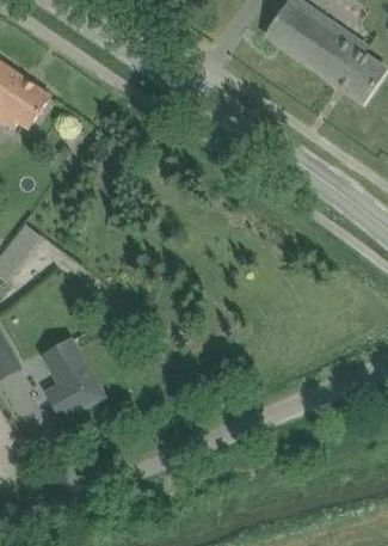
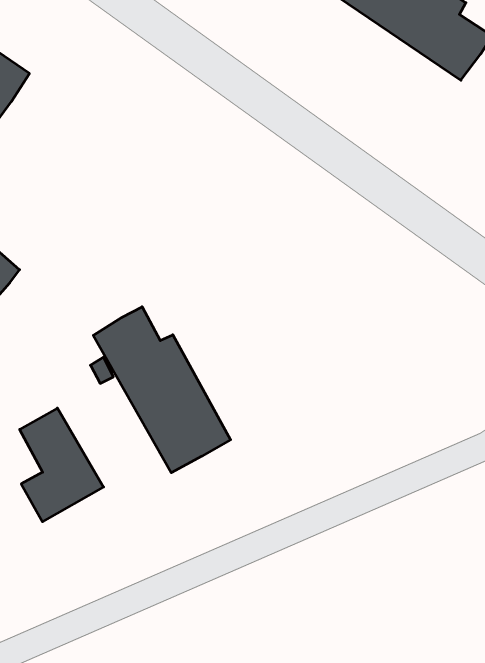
building: none -> [93,307,231,473]

